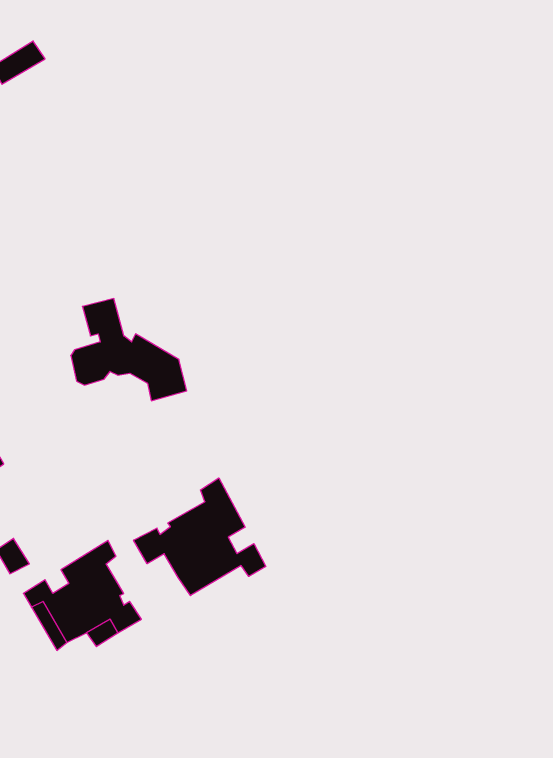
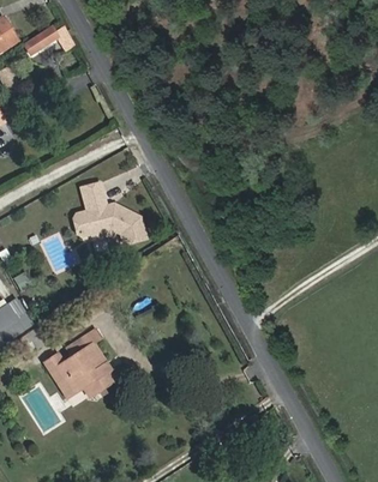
building: [134,478,266,596] -> none

